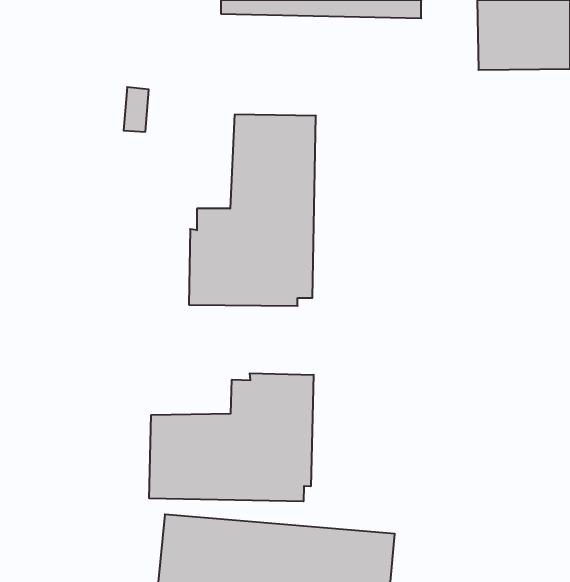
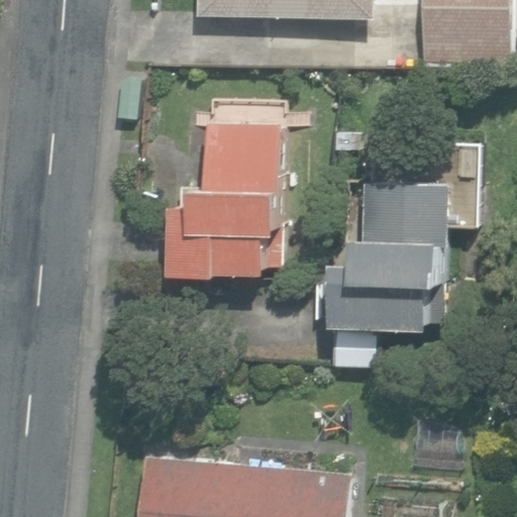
building: none -> [334,184,452,327]
building: [149,373,314,501] -> none

